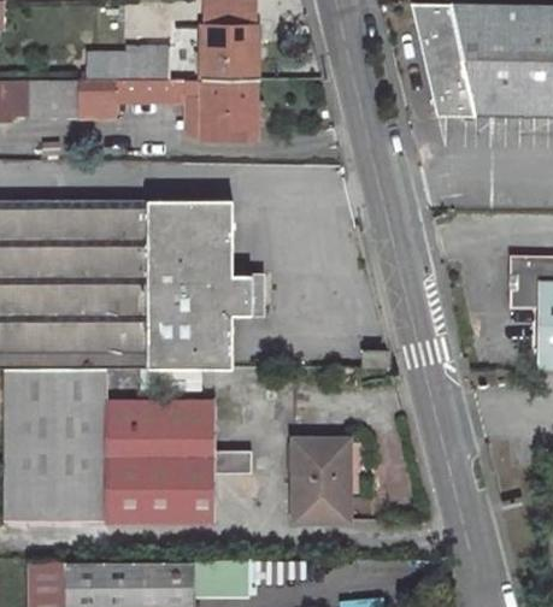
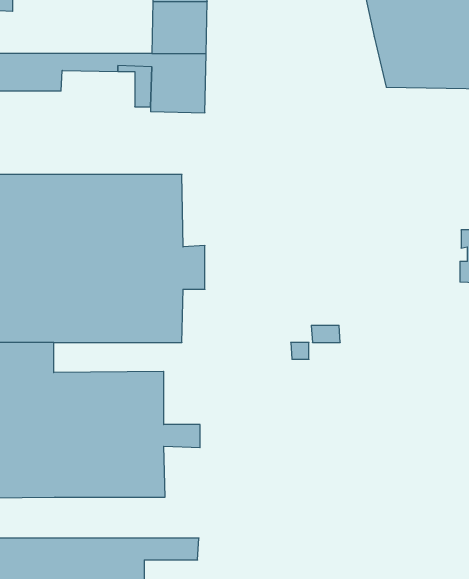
building: [87,49,172,81] -> none
building: [293,440,351,521] -> none

